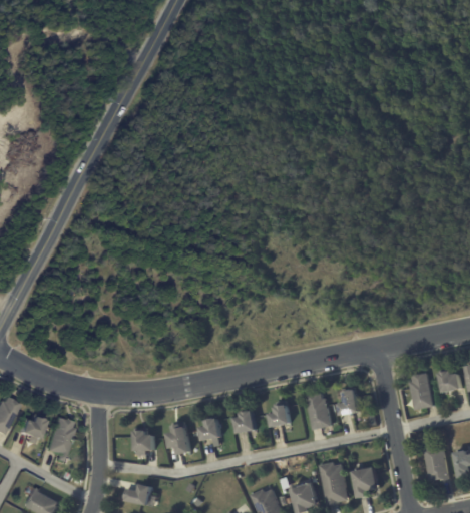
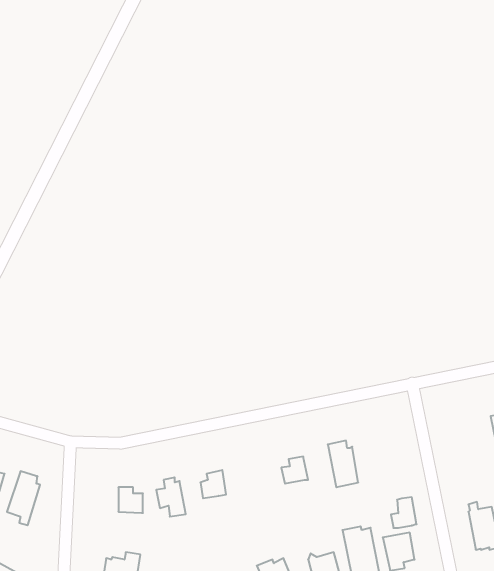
building: [409,371,433,409] -> none
building: [338,389,359,414] -> [391,497,417,528]
building: [234,410,257,433] -> none

